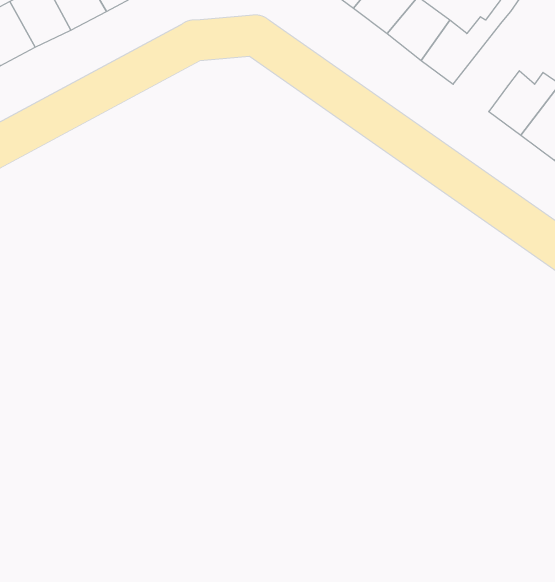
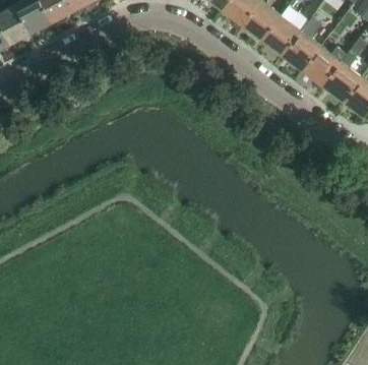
building: none -> [282,16,322,70]

